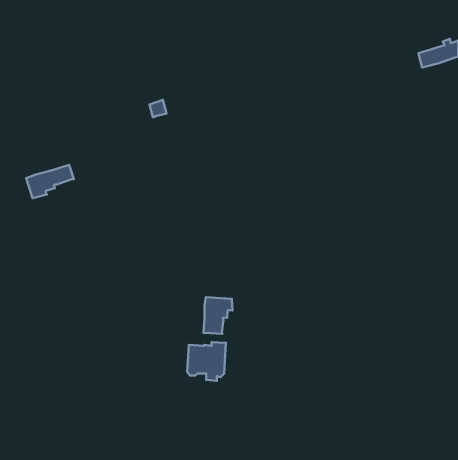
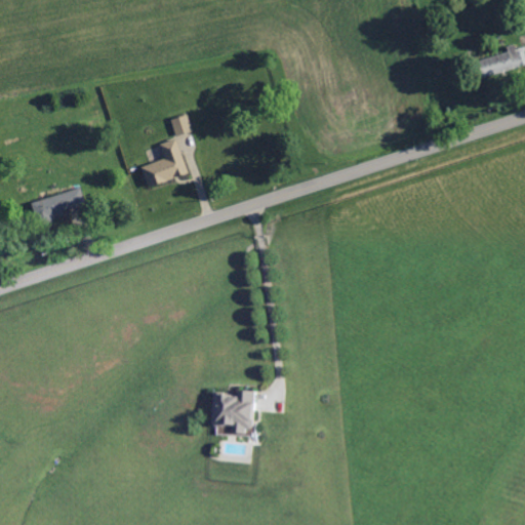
building: none -> [139,139,188,188]
building: [204,297,232,334] -> none

